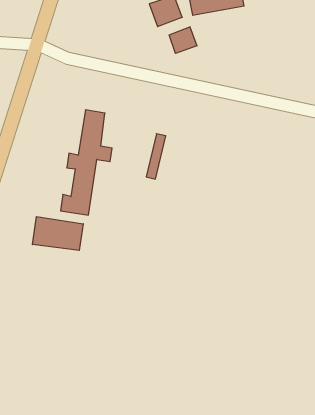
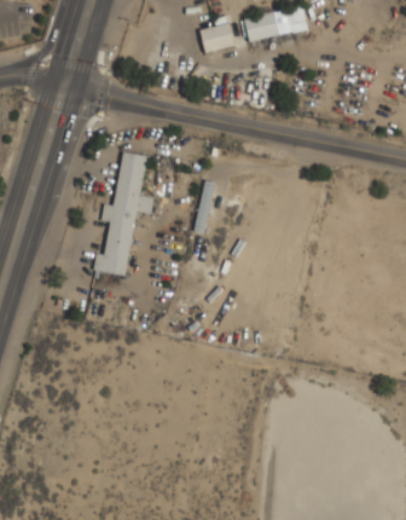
building: [169,27,197,53] -> none
building: [32,217,83,250] -> none

